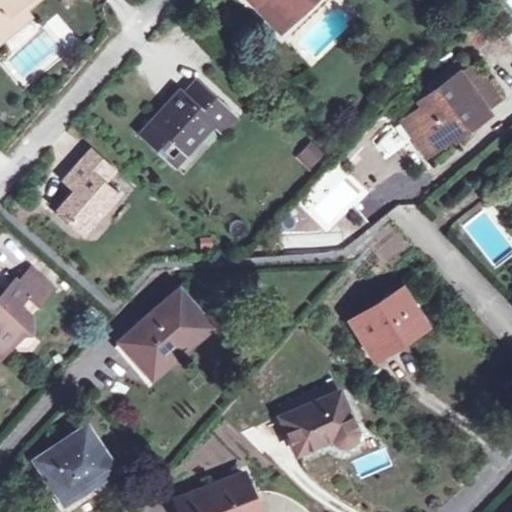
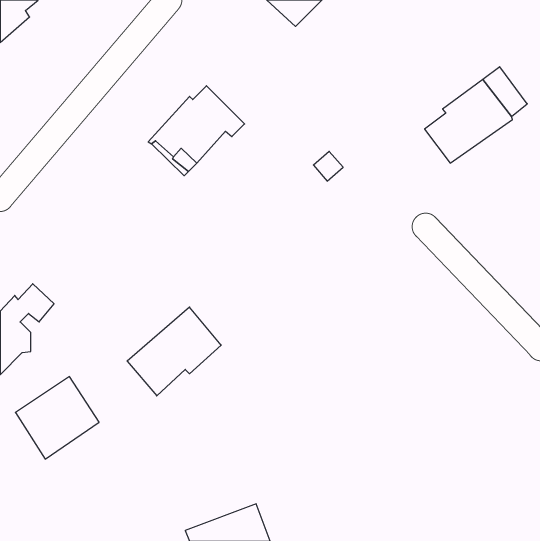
building: [58,152,113,230] -> none
building: [352,290,424,356] -> none
building: [280,391,355,453] -> none
building: [35,426,114,504] -> [15,377,99,459]

